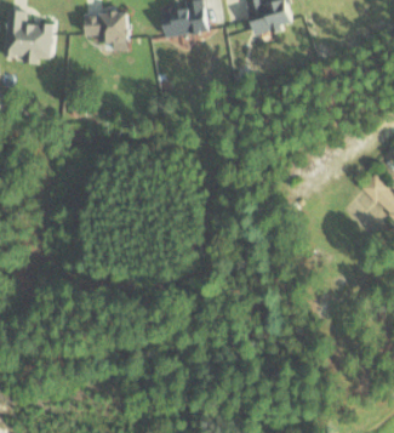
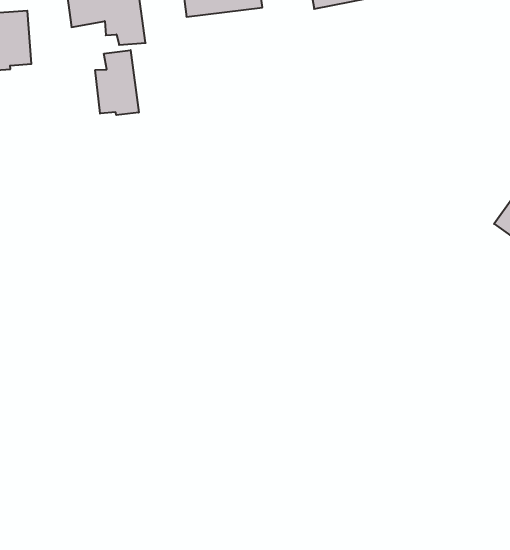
building: none -> [95,50,139,115]

